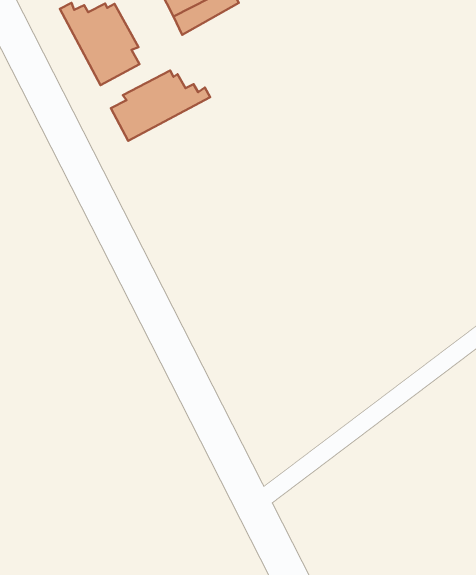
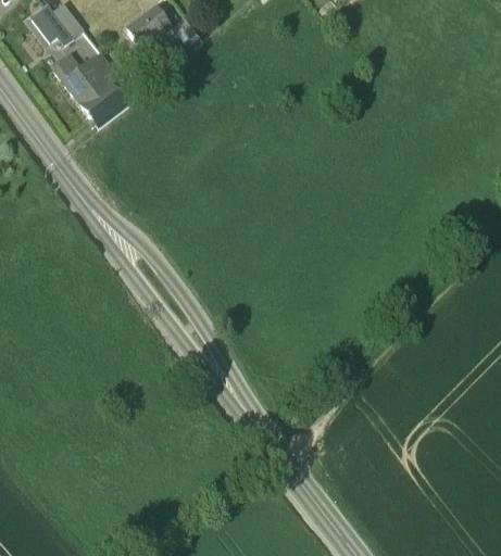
building: [111,71,210,141] -> none

